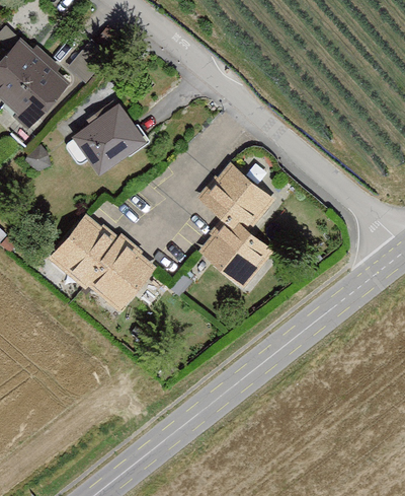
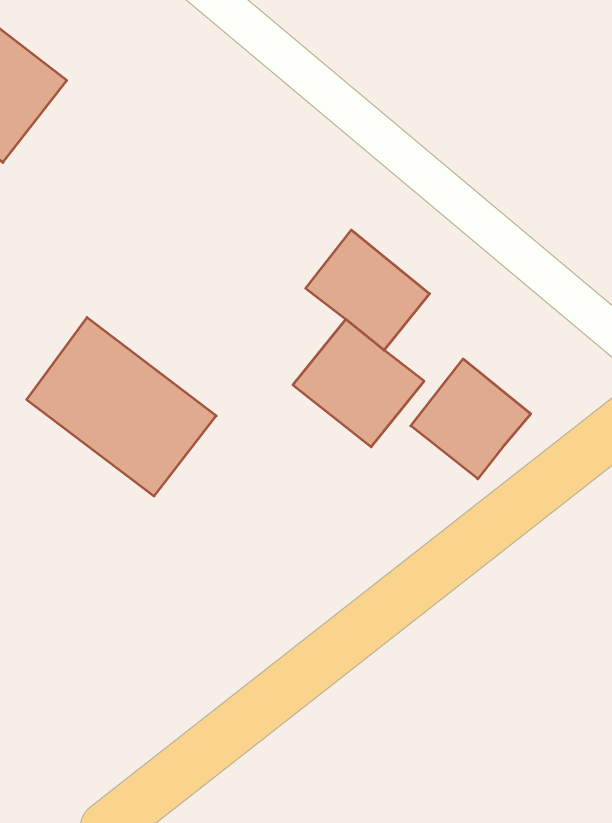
building: [69,102,149,178] -> none
building: none -> [411,359,531,479]

